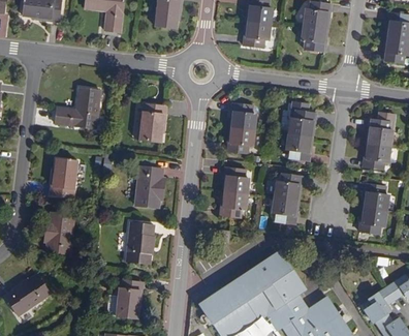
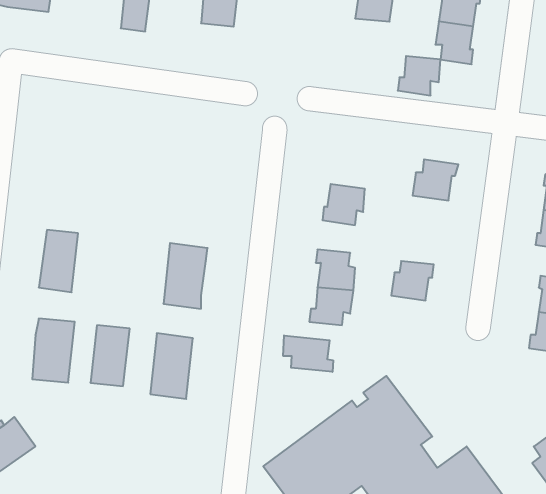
building: [246,24,273,49] -> [398,56,440,95]
building: [56,88,99,127] -> none
building: [134,101,160,141] -> none
building: [234,105,259,131] -> none
building: [285,135,310,161] -> none
building: [272,198,295,224] -> none
building: none -> [283,335,333,372]
building: [112,279,136,317] -> [90,325,130,386]

